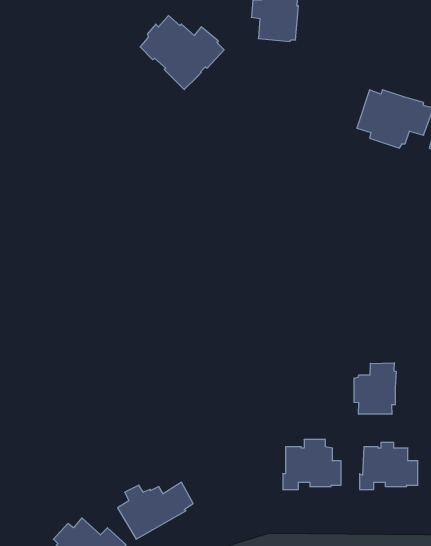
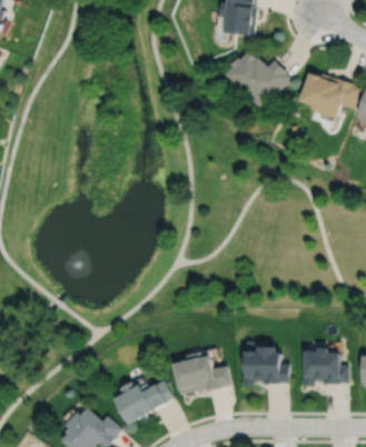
building: [140,16,224,90] -> [225,51,290,109]
building: [354,363,396,414] -> none
building: none -> [174,352,230,394]

